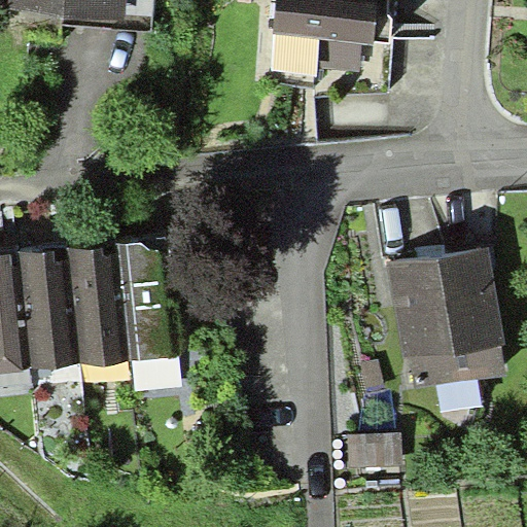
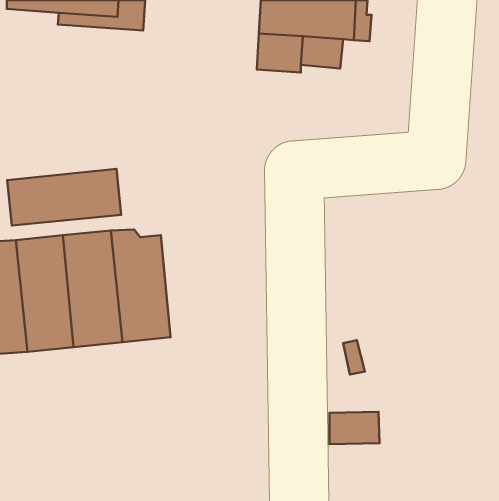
building: none -> [7,169,121,226]
building: [386,244,505,388] -> none

